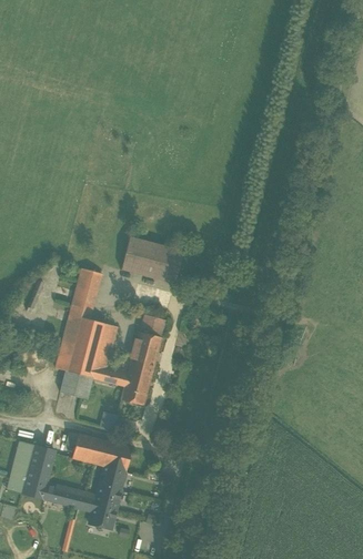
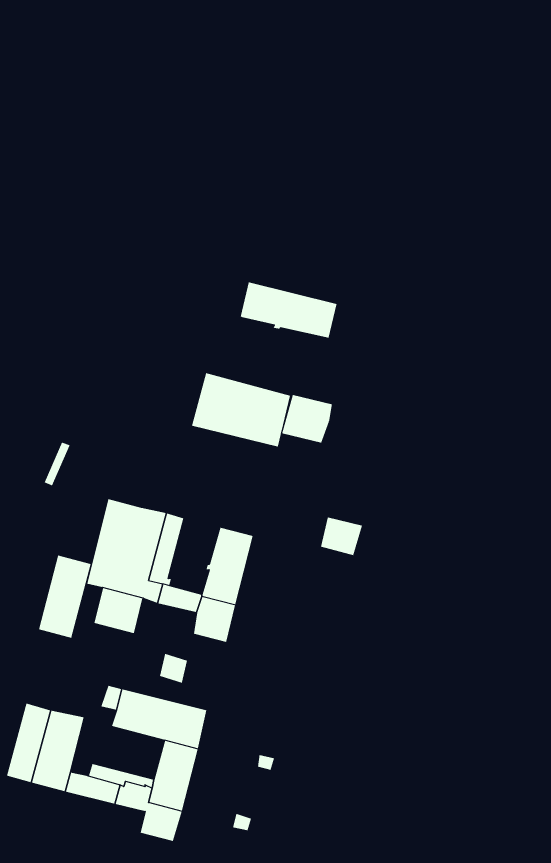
building: none -> [240,282,337,339]
building: none -> [282,394,332,443]
building: [69,270,102,322] -> [38,555,91,639]
building: [139,315,165,339] -> [320,517,363,556]

